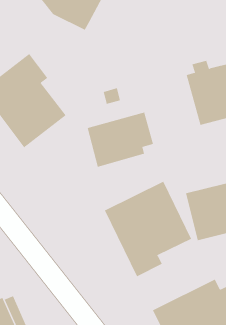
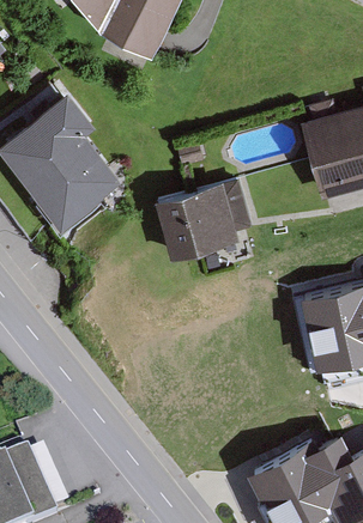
building: [104,181,192,277] -> none

